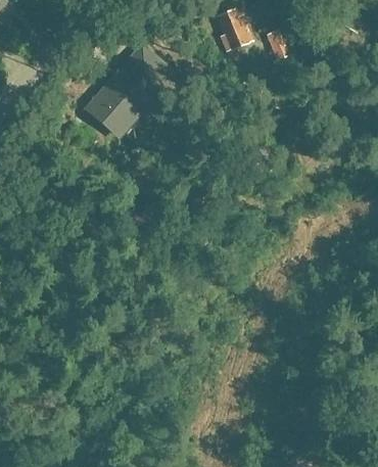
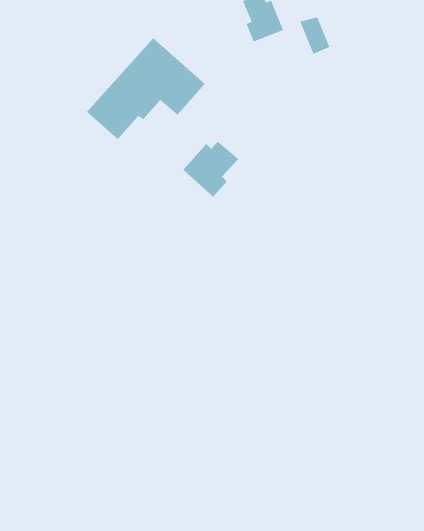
building: none -> [182,141,239,197]

